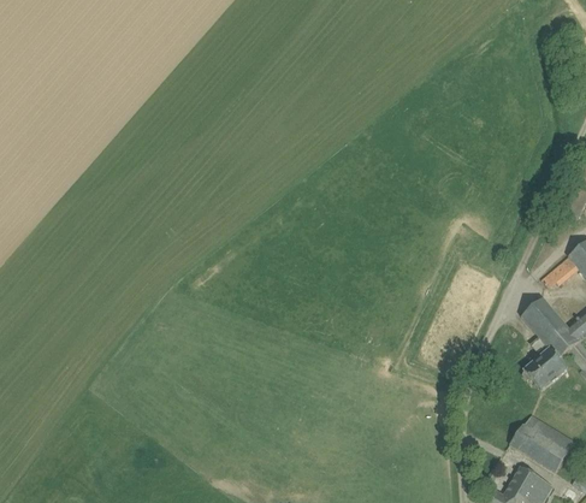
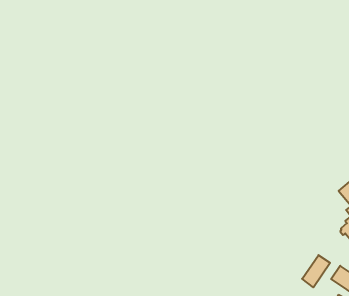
building: none -> [302,255,330,287]

